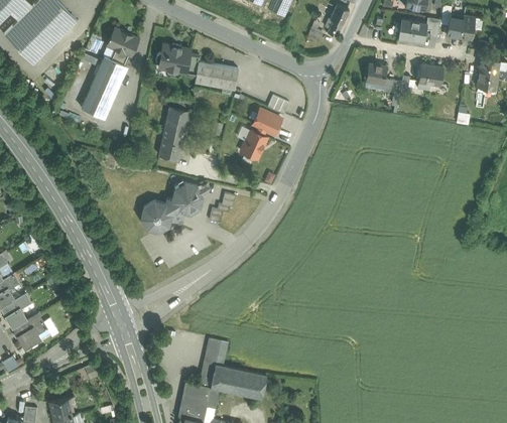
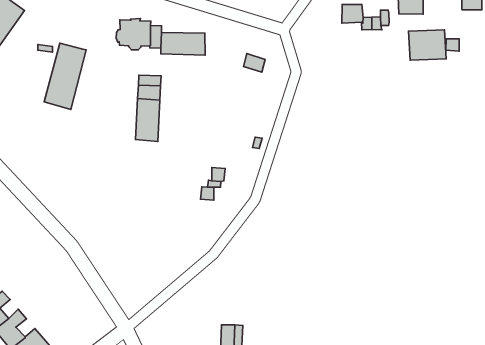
building: [104,28,139,65] -> none
building: none -> [409,30,446,60]
building: [241,110,281,159] -> none
building: [141,180,203,232] -> none

